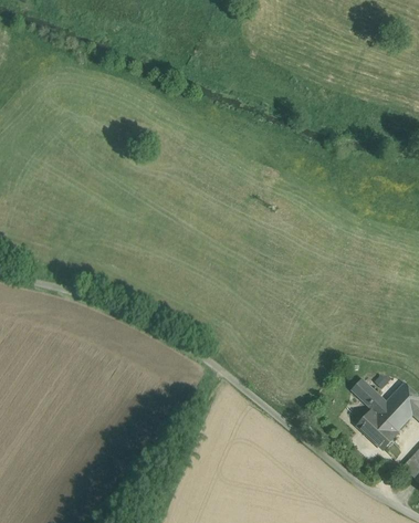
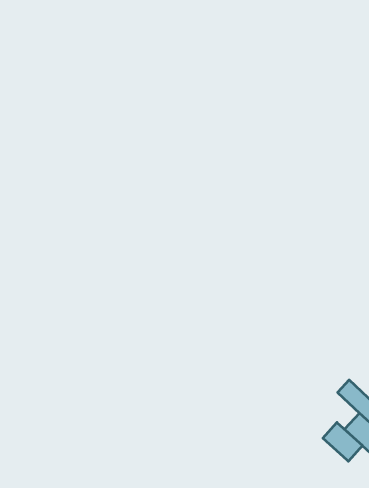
building: none -> [323,422,362,461]

